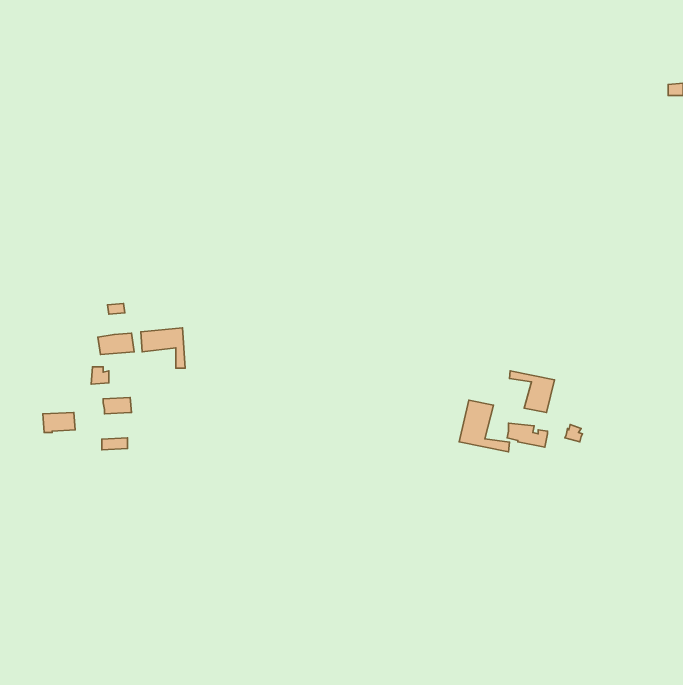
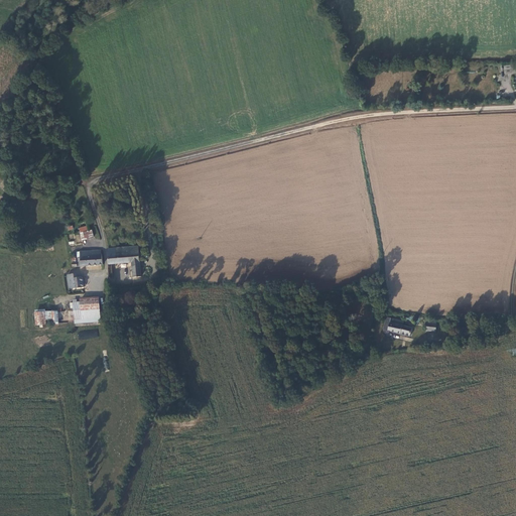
building: [509,371,554,413] -> none
building: [459,400,510,452] -> none

